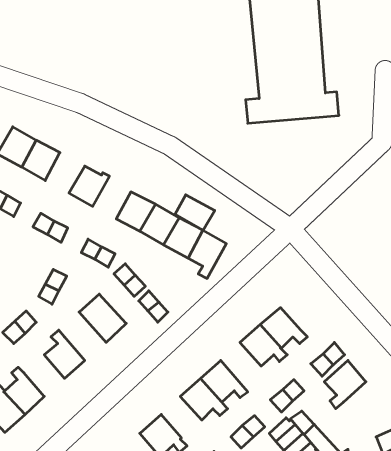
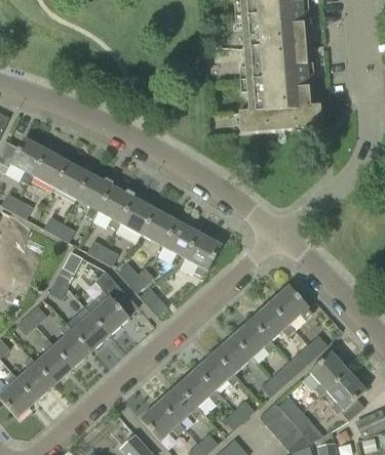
building: none -> [54,161,89,198]
building: none -> [98,184,132,229]
building: [175,195,215,230] -> none
building: none -> [269,284,311,323]
building: none -> [72,306,110,350]
building: none -> [215,334,252,372]
building: none -> [35,339,72,383]
building: none -> [319,370,364,414]
building: none -> [160,383,201,421]

